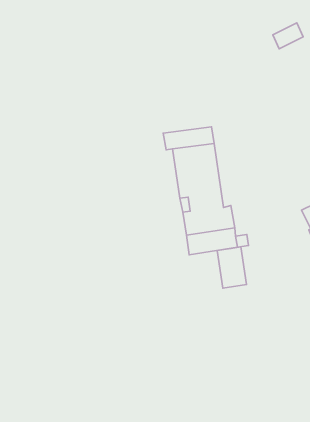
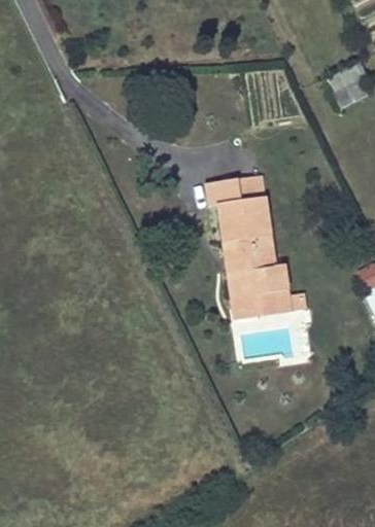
building: [217,247,247,288] -> none

